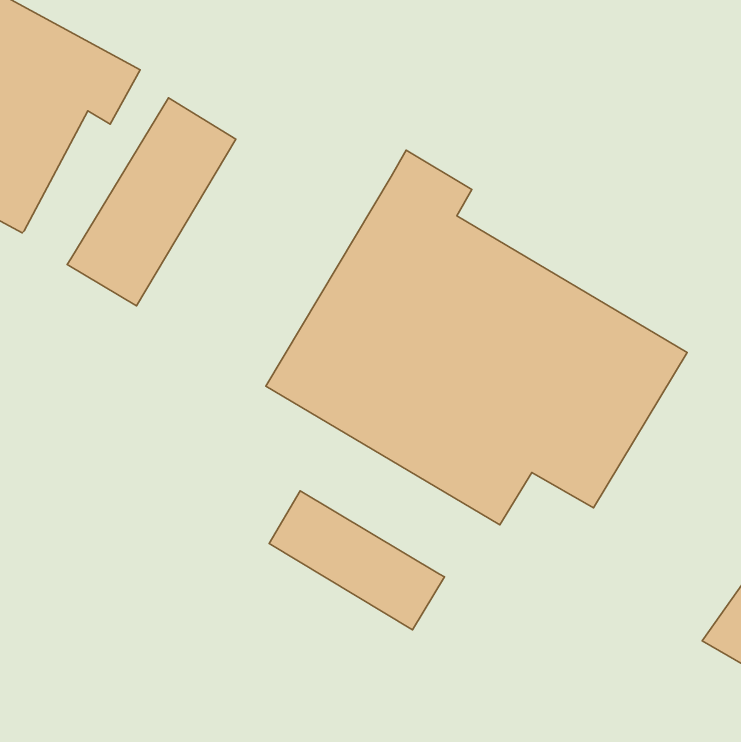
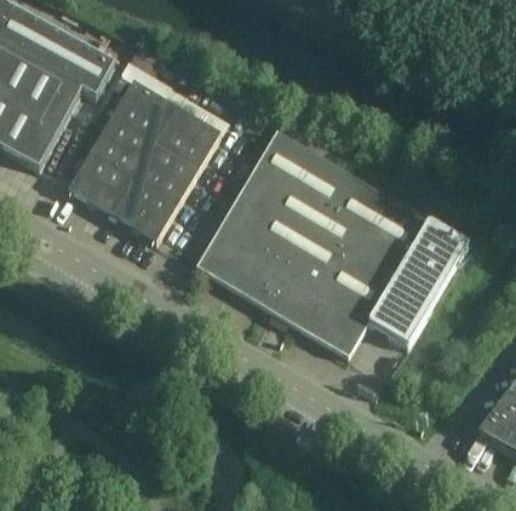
building: none -> [113,104,222,239]
building: [269,491,445,630] -> none

